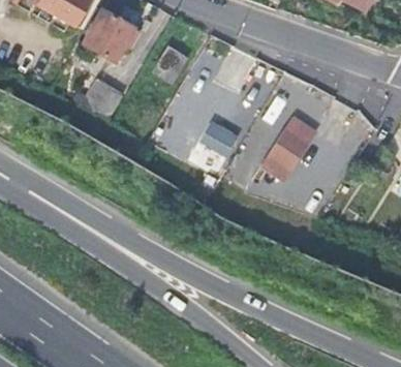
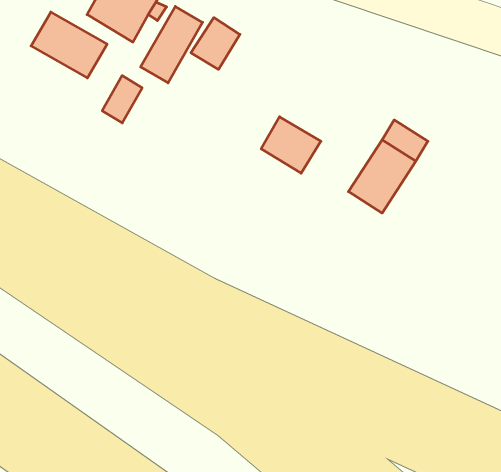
building: none -> [141,6,203,83]
building: none -> [31,12,107,78]

